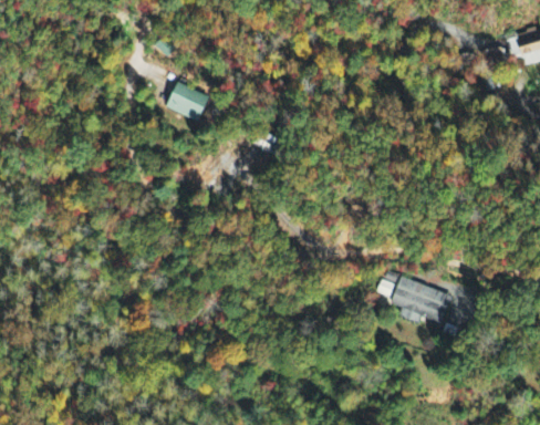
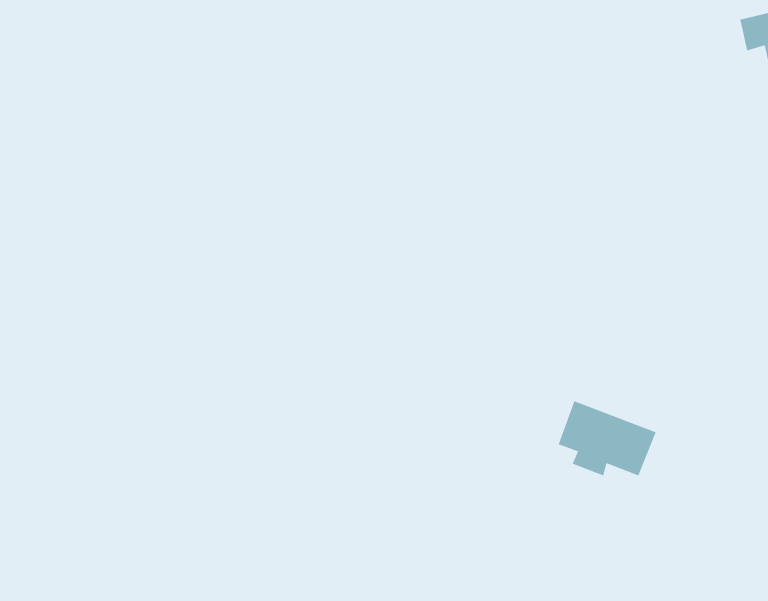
building: [166,82,209,120] -> none

